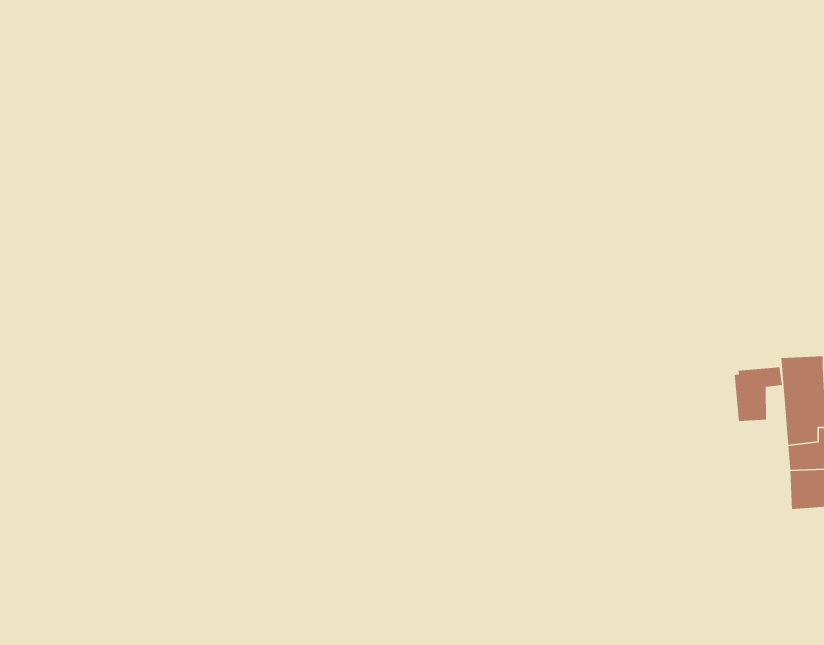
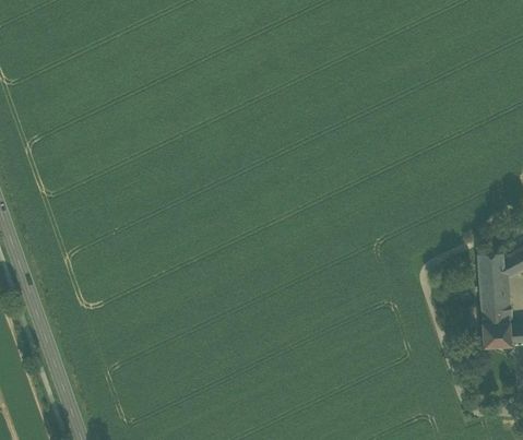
building: [734,367,783,422] -> none

